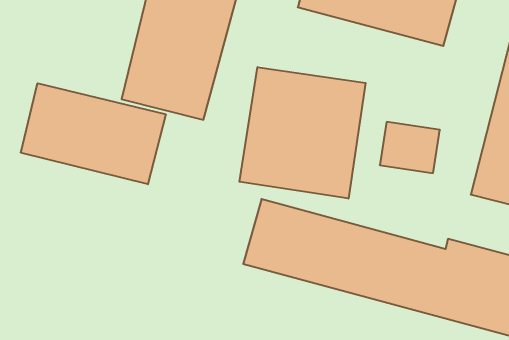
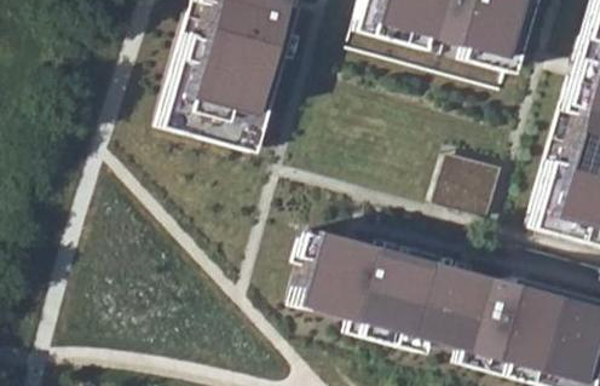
building: [239,67,366,199] -> none
building: [21,83,166,184] -> none

